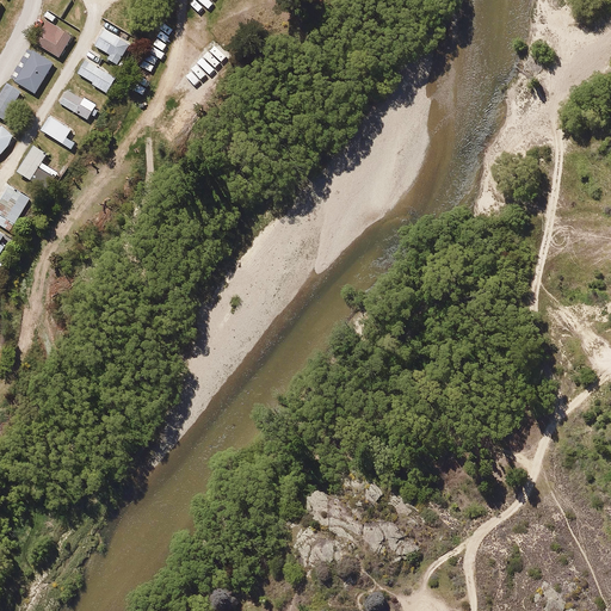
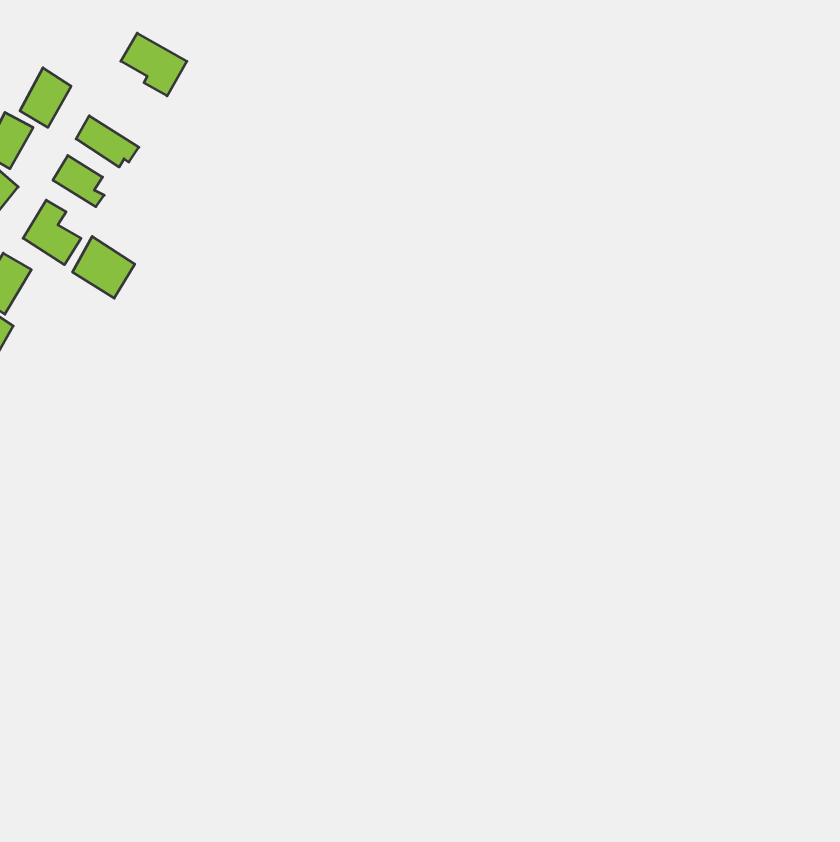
building: [31,17,73,57] -> none
building: [74,57,115,94] -> none
building: none -> [73,236,135,298]

